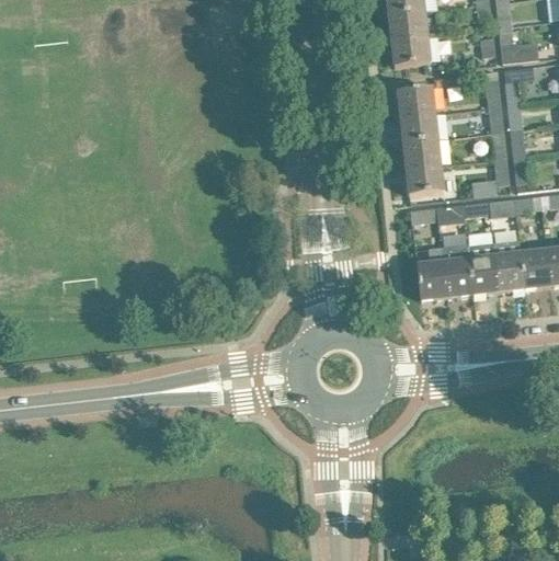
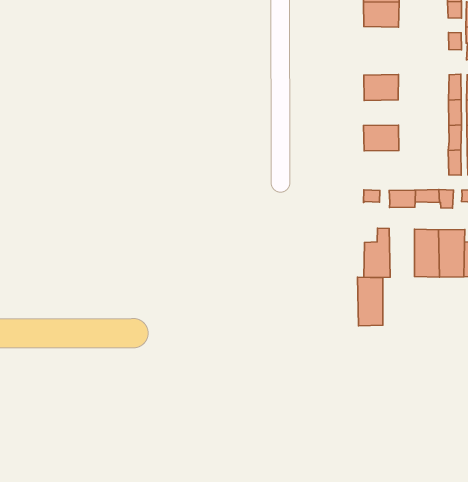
building: [391,36,431,66] -> none
building: [400,112,438,142] -> none
building: [406,164,444,195] -> none
building: [441,244,472,297] -> [358,277,383,326]

